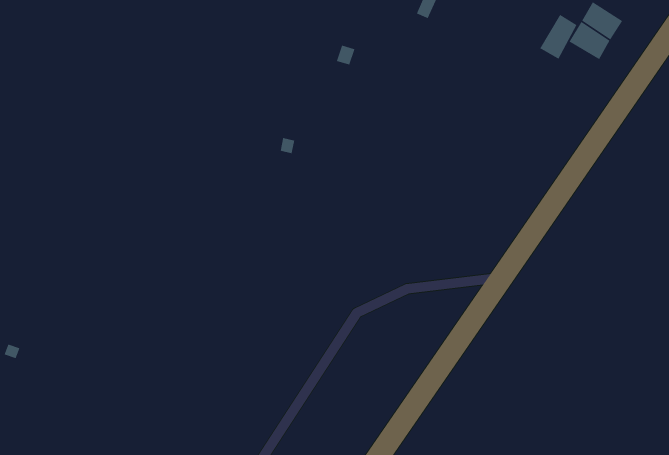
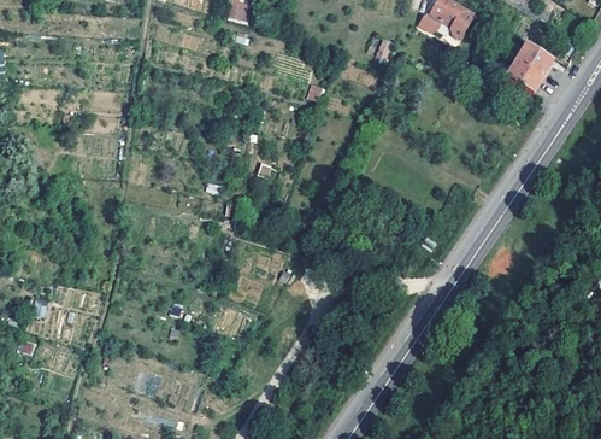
building: [539,14,578,60] -> none

